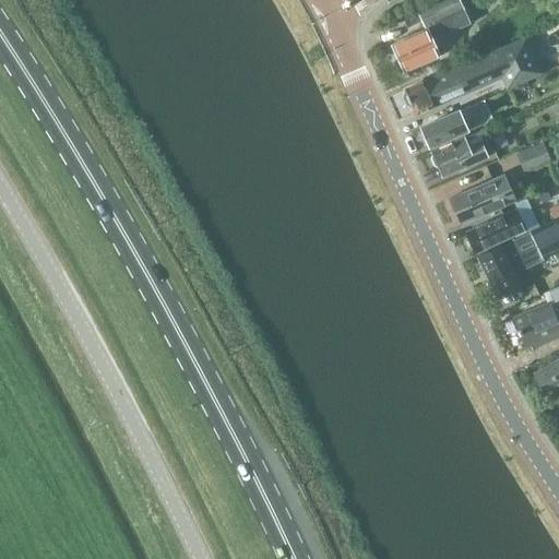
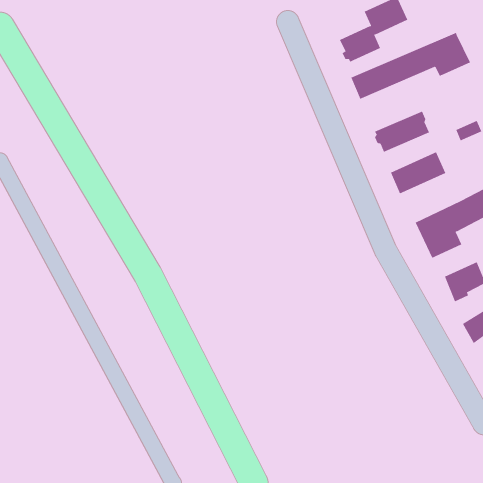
building: [423,100,493,147] -> none
building: [466,210,526,253] -> none

